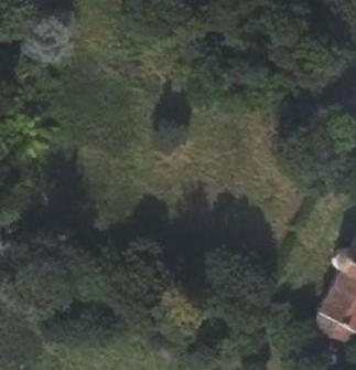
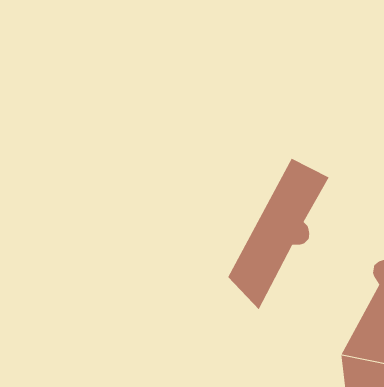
building: none -> [228,158,330,310]

